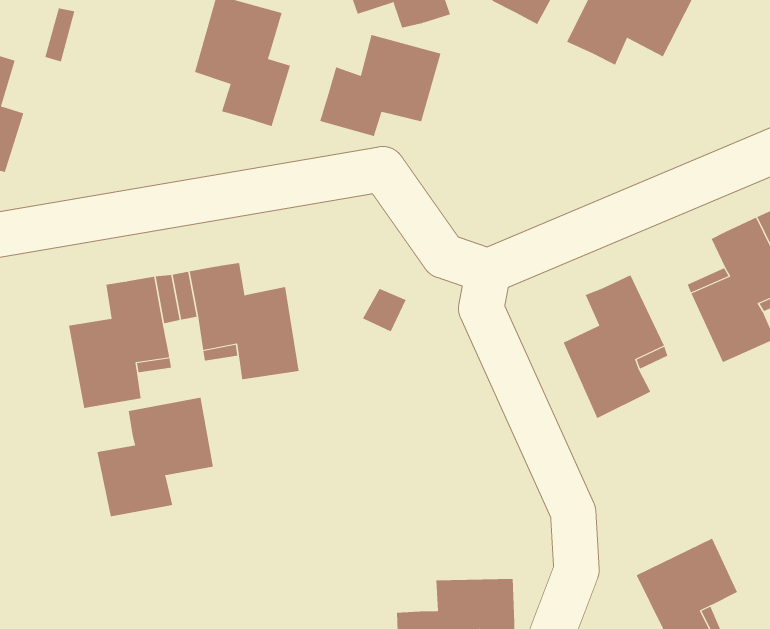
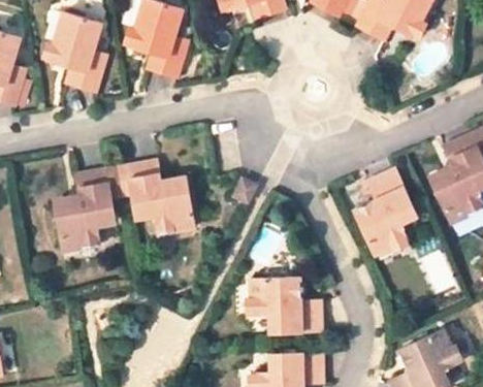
building: none -> [47,12,106,92]
building: [319,34,441,137] -> none
building: [97,397,214,517] -> none
building: none -> [248,277,323,332]

